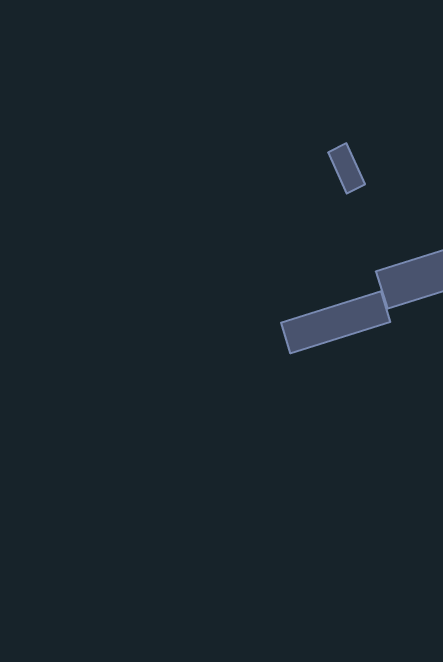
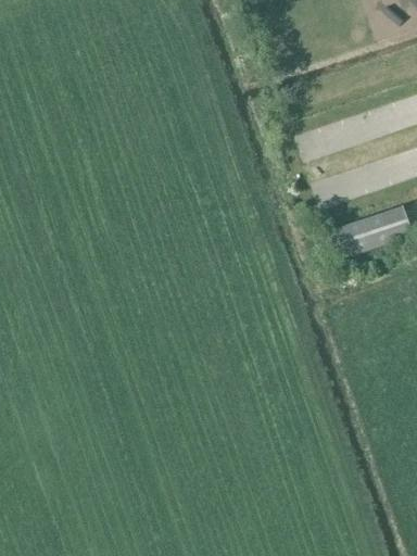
building: [281,291,390,353] -> none

